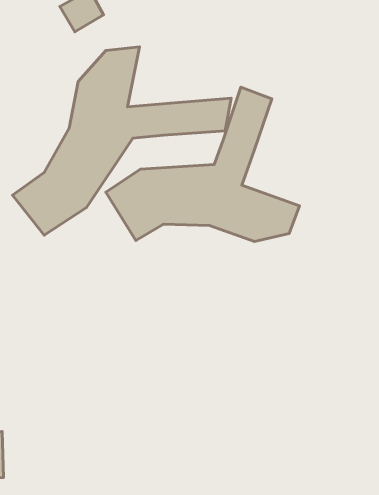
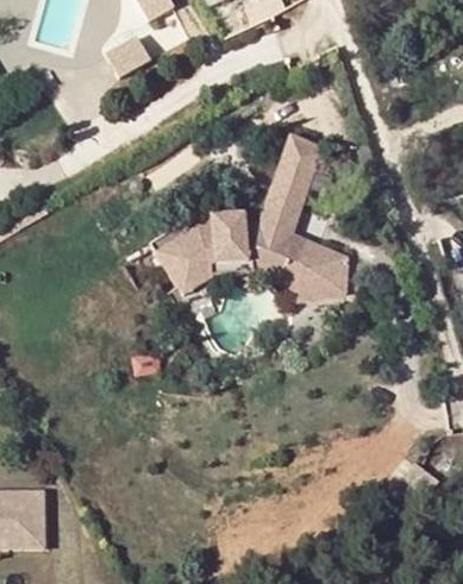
building: [12,47,231,235] -> none

